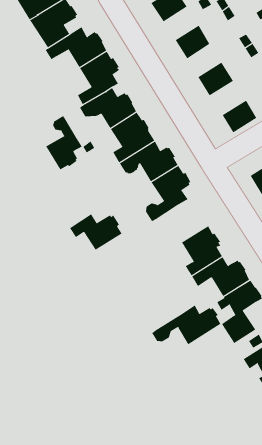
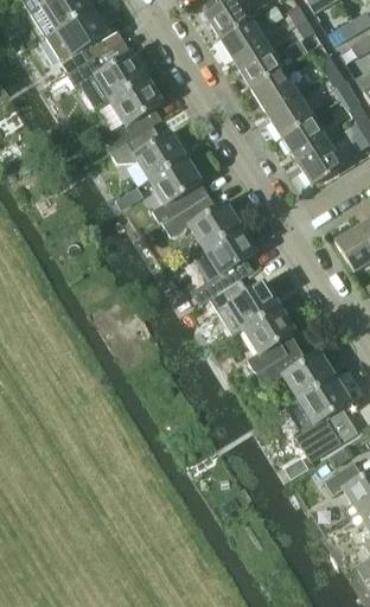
building: none -> [219,18,267,62]
building: none -> [250,66,296,110]
building: none -> [280,115,328,160]
building: [46,115,83,170] -> none
building: [69,214,122,251] -> [209,279,279,327]
building: [151,305,221,345] -> none

